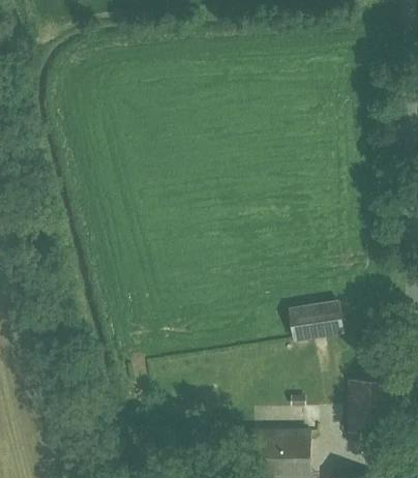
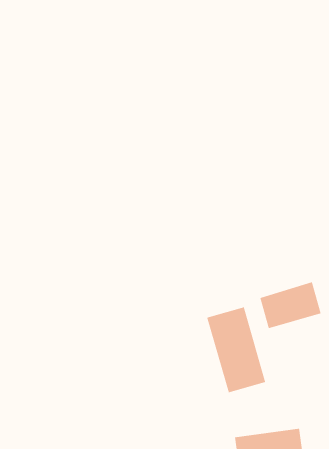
building: none -> [207,306,266,393]

